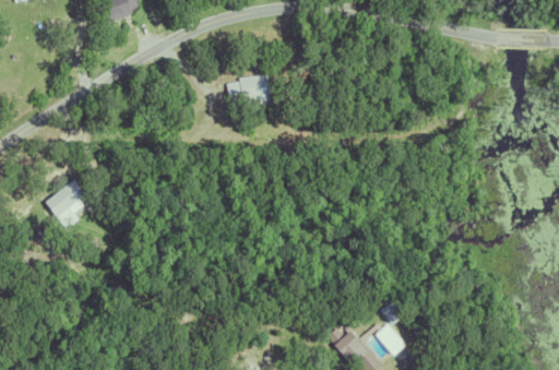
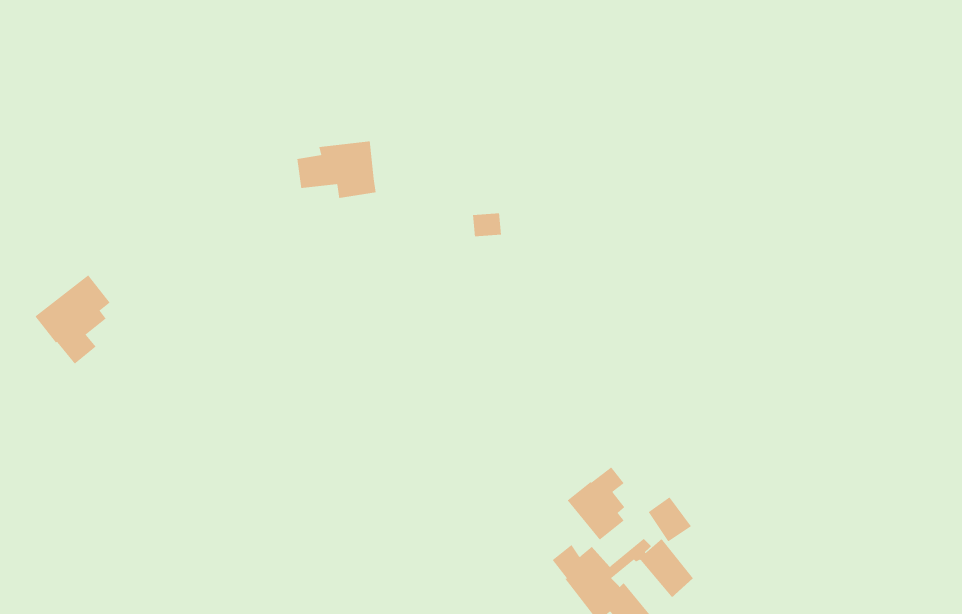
building: [228,74,272,106] -> [297,141,376,199]
building: none -> [567,466,625,541]

